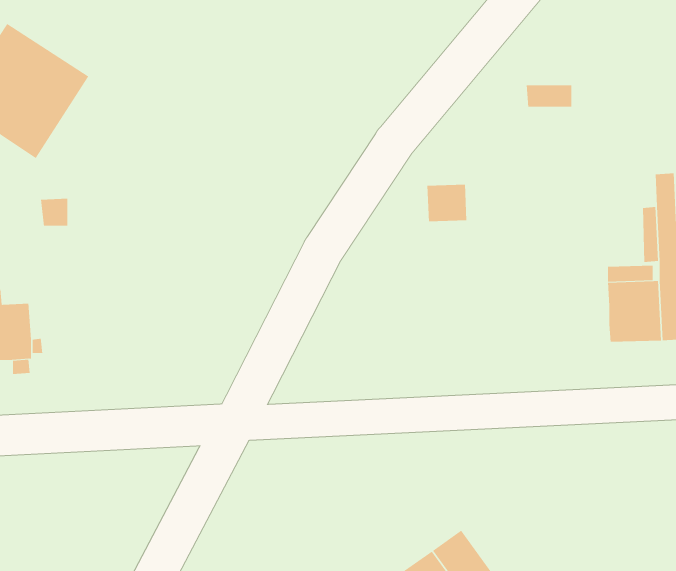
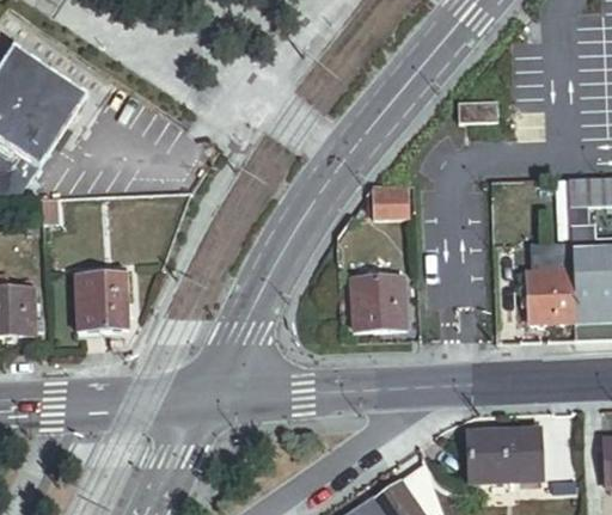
building: none -> [76,271,129,327]
building: none -> [351,276,404,327]
building: none -> [470,429,540,479]

